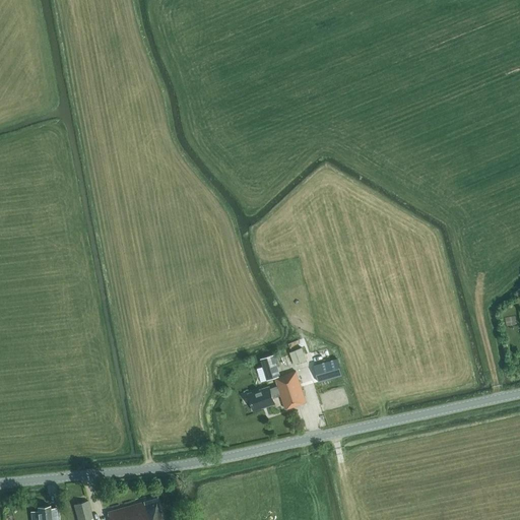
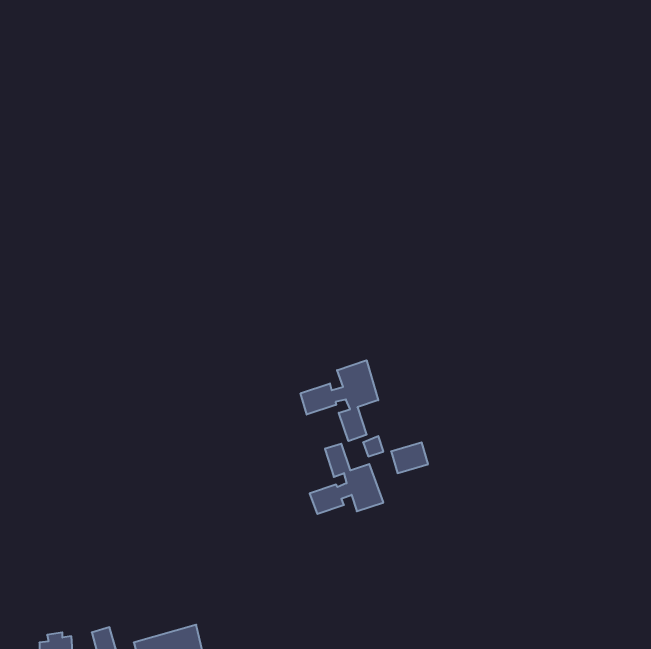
building: none -> [301,360,378,441]

